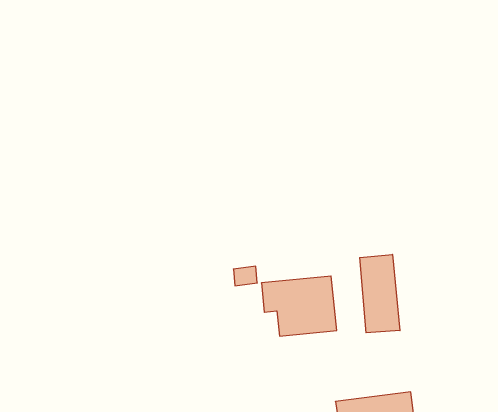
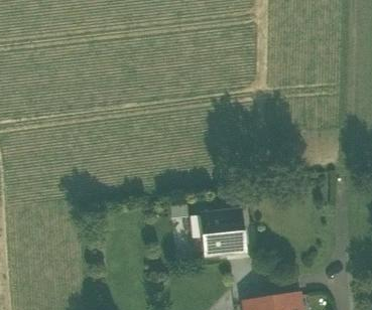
building: [360,254,400,333] -> none

